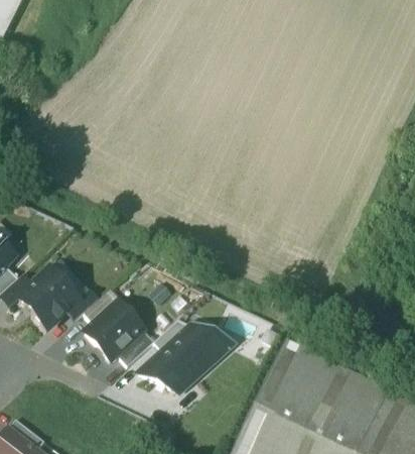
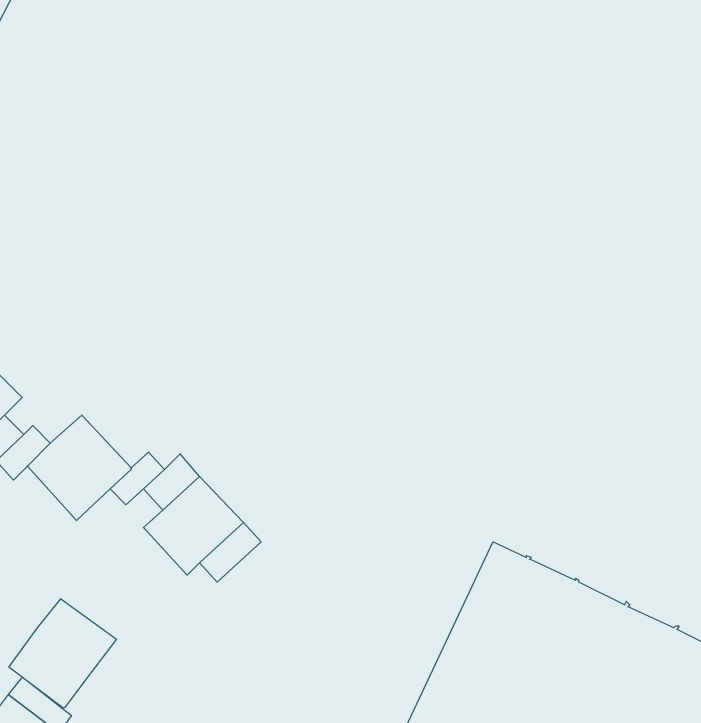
building: [140,320,233,389] -> none
building: none -> [9,599,117,708]

